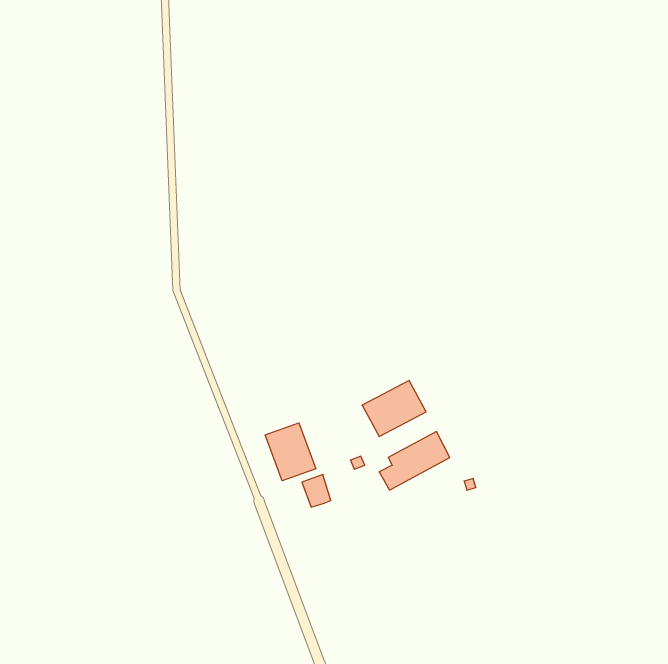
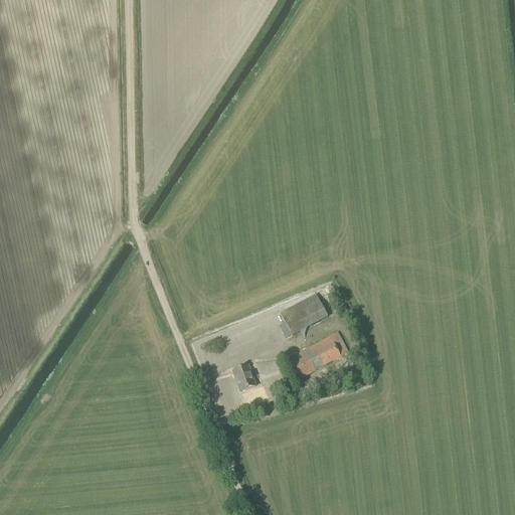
building: [265,423,316,481] -> none

